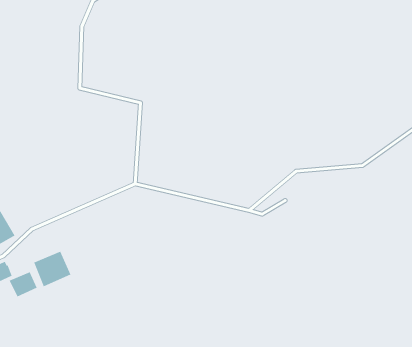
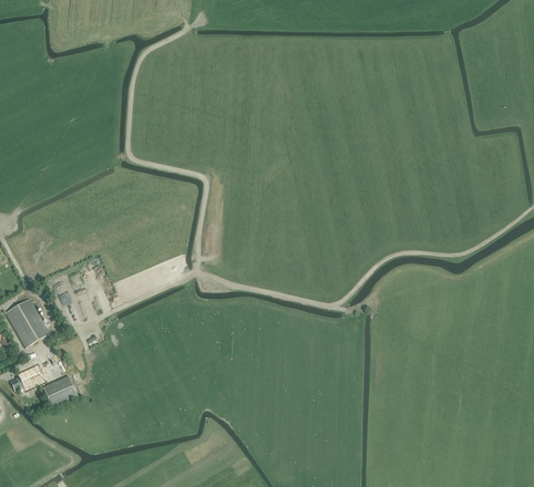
building: [33,251,71,287] -> none

